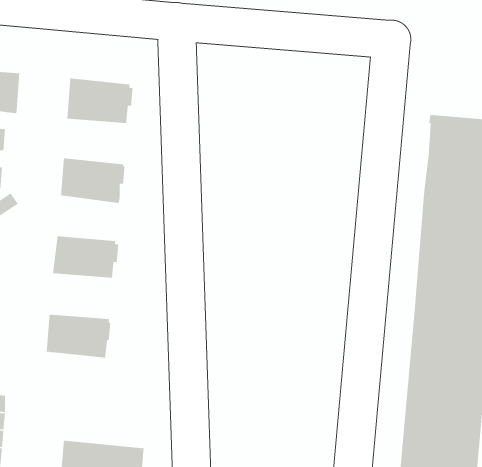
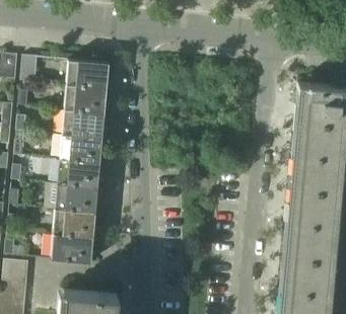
building: none -> [65,87,107,115]
building: none -> [61,136,102,164]
building: none -> [44,184,98,214]
building: none -> [51,235,93,264]

